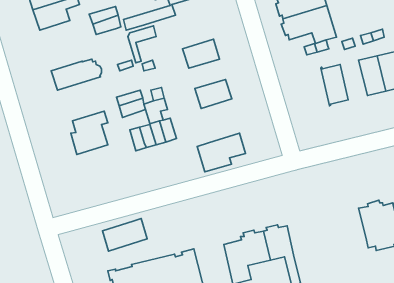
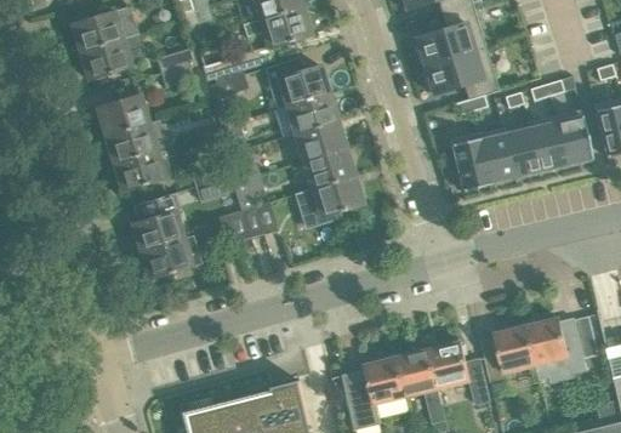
building: none -> [264,57,326,108]
building: none -> [95,93,146,136]
building: none -> [292,120,343,160]
building: none -> [501,121,539,176]
building: none -> [448,132,486,190]
building: none -> [112,144,173,189]
building: [197,133,245,172] -> [294,175,360,228]
building: none -> [480,324,536,393]
building: none -> [428,337,489,403]
building: [102,219,147,251] -> [138,234,200,279]

